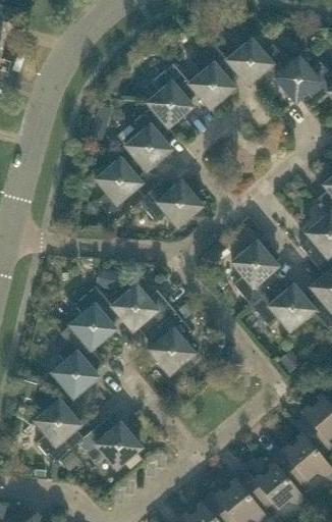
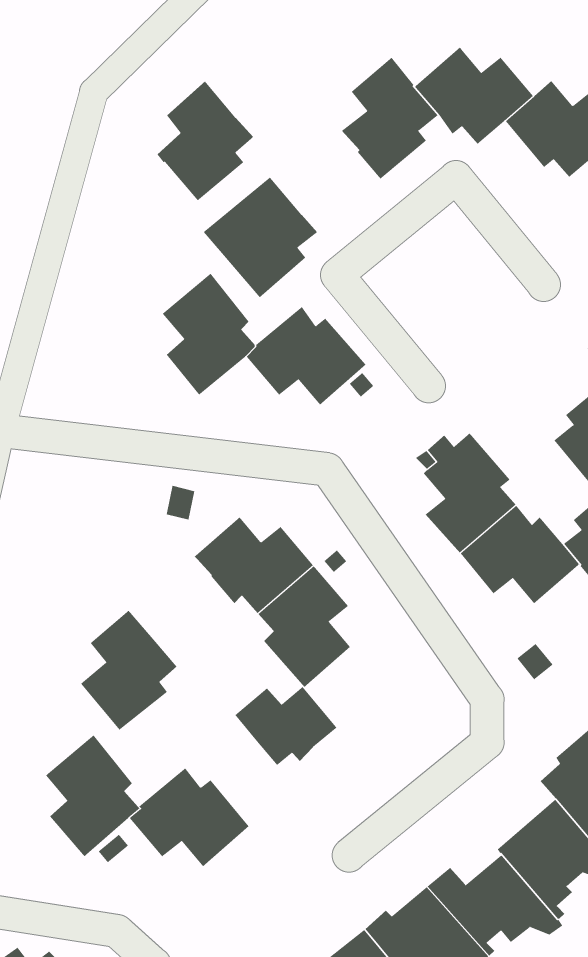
building: [148,63,199,126] -> [156,80,254,201]
building: [70,285,121,349] -> none
building: none -> [234,686,338,766]

